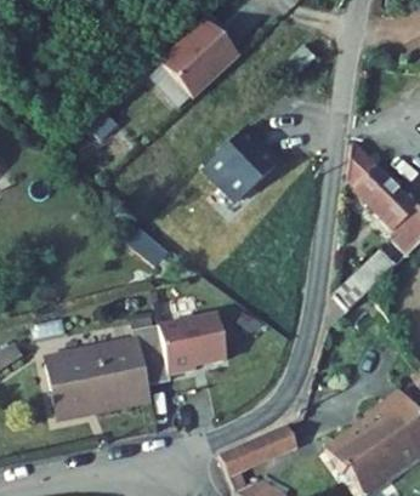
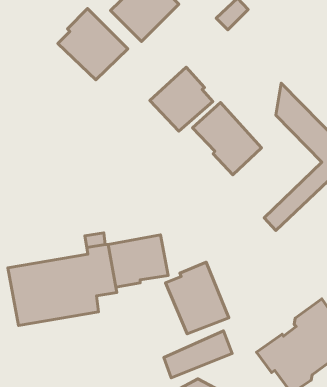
building: none -> [58,8,128,80]
building: none -> [193,103,262,175]
building: none -> [166,262,229,334]

